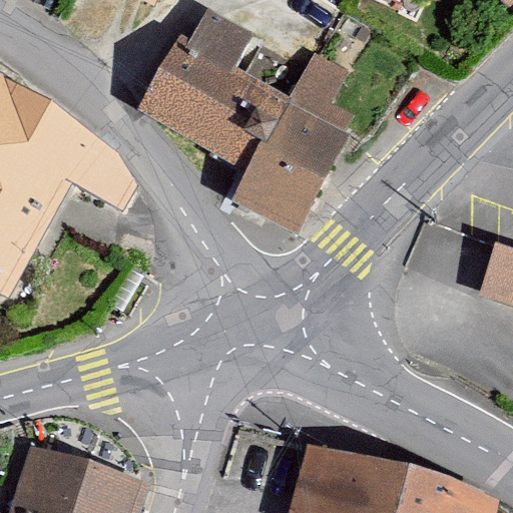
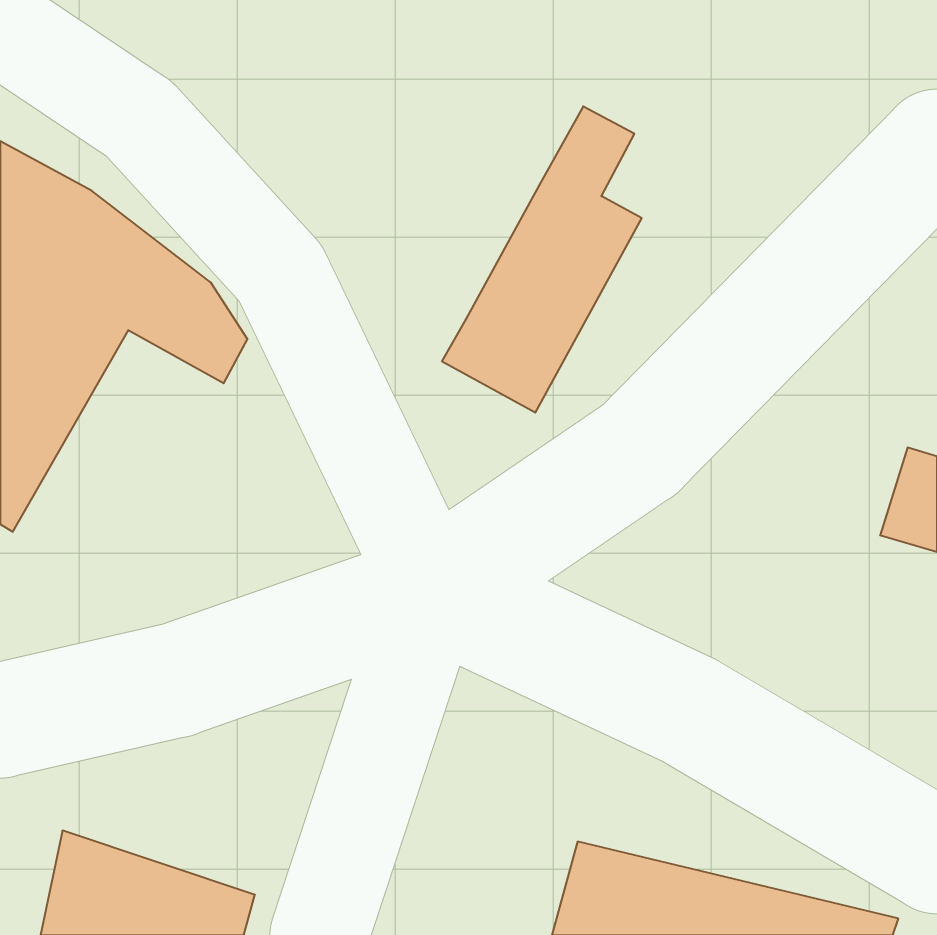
building: [145,7,295,174] -> none

